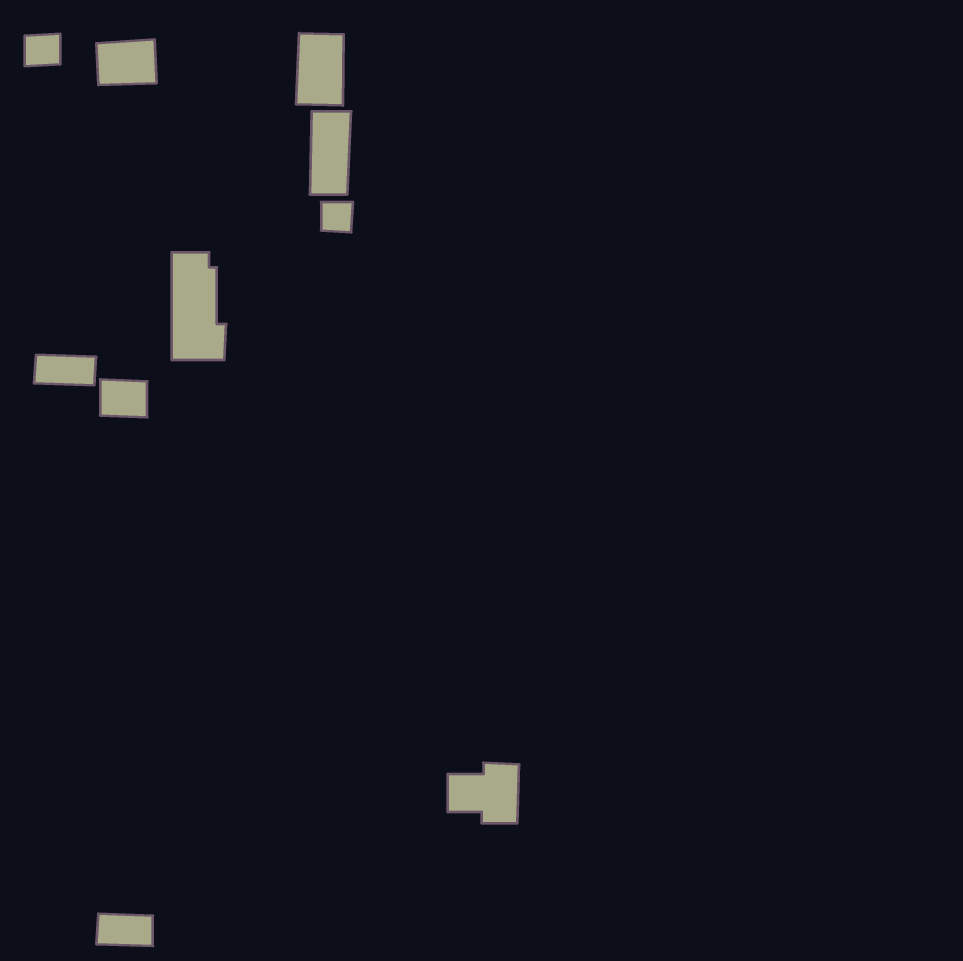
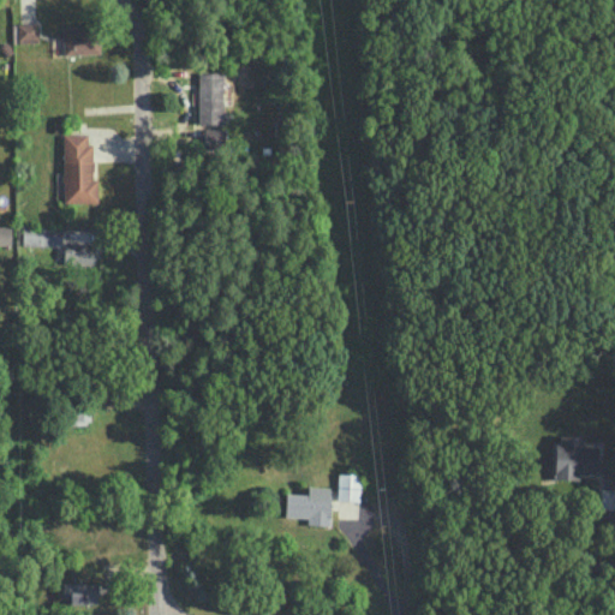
building: [296,33,344,106] -> none
building: [172,252,226,360] -> [64,136,98,204]
building: none -> [556,436,597,482]
building: none -> [338,474,360,502]

